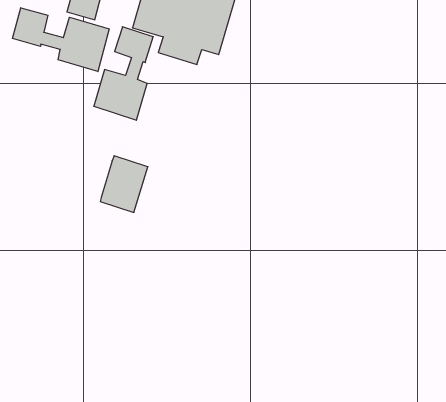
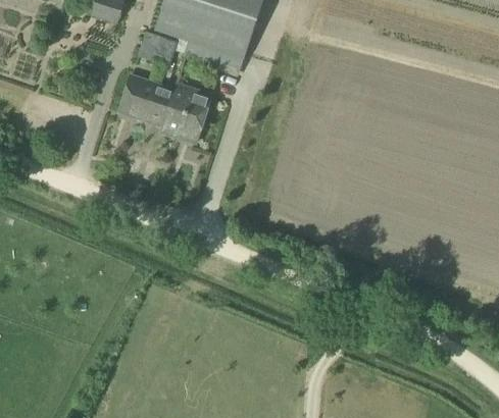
building: [13,8,109,72] -> none
building: [100,156,148,212] -> [159,84,208,142]

